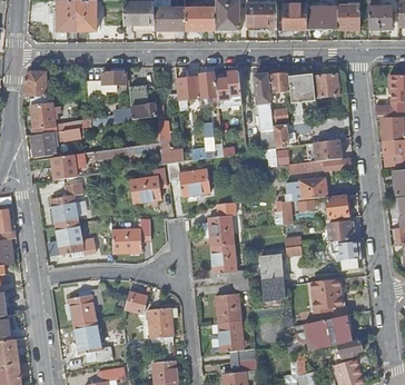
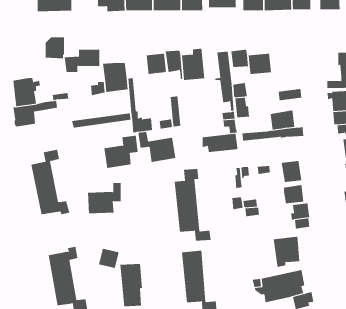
building: [24,71,50,96] -> [45,37,68,59]
building: [316,73,339,97] -> none
building: [51,152,86,179] -> none
building: [287,178,327,199] -> [202,133,238,152]
building: [260,254,284,300] -> none

